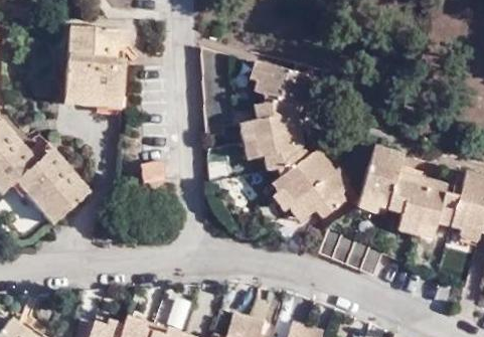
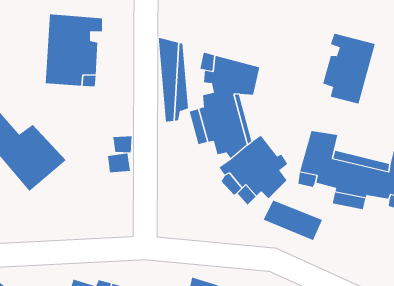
building: none -> [322,33,376,105]

